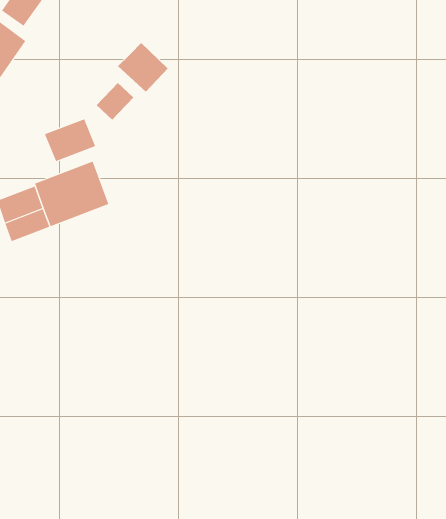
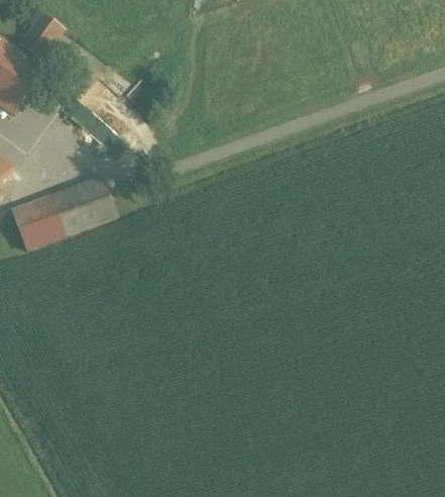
building: [96,82,134,121] -> none
building: [44,118,96,162] -> none

